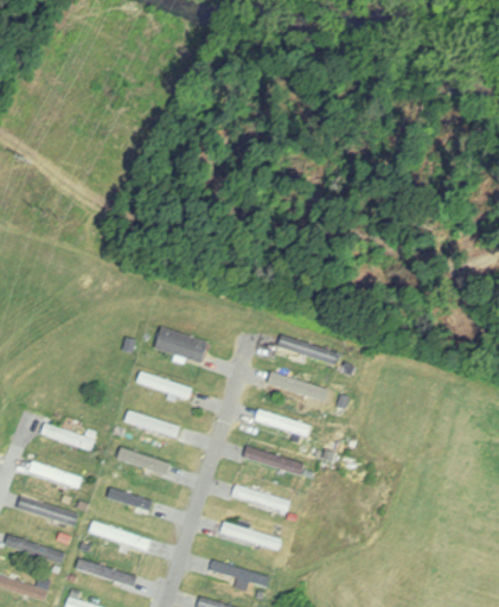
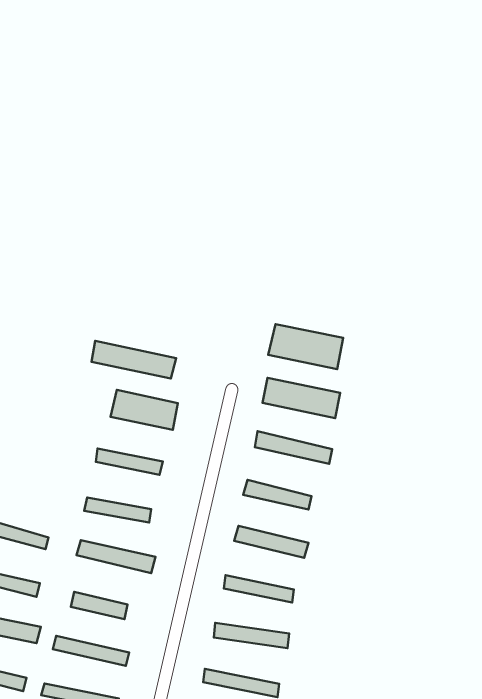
building: none -> [268,324,343,369]
building: none -> [92,341,176,379]

